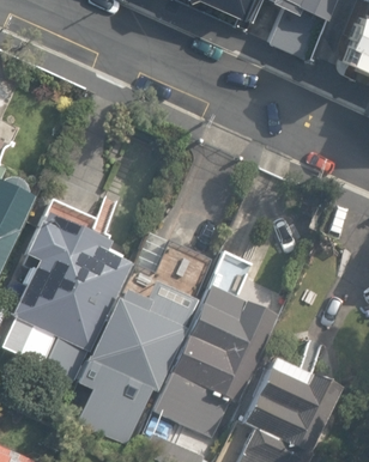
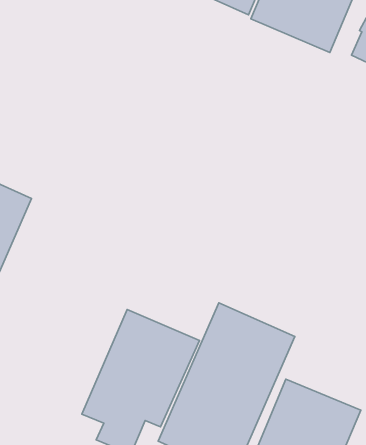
building: [13,213,134,383] -> none

